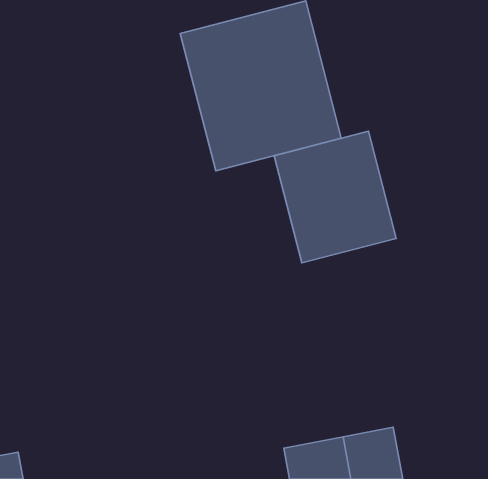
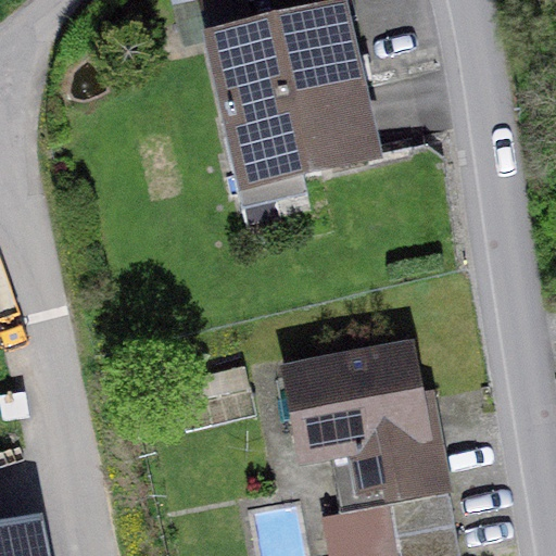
building: [274,131,396,263] -> none
building: none -> [278,339,439,498]

